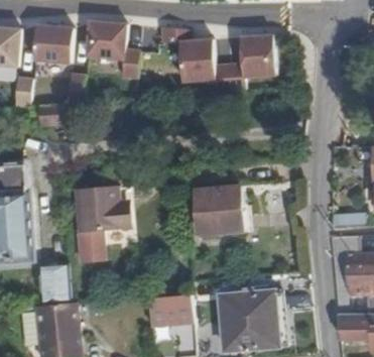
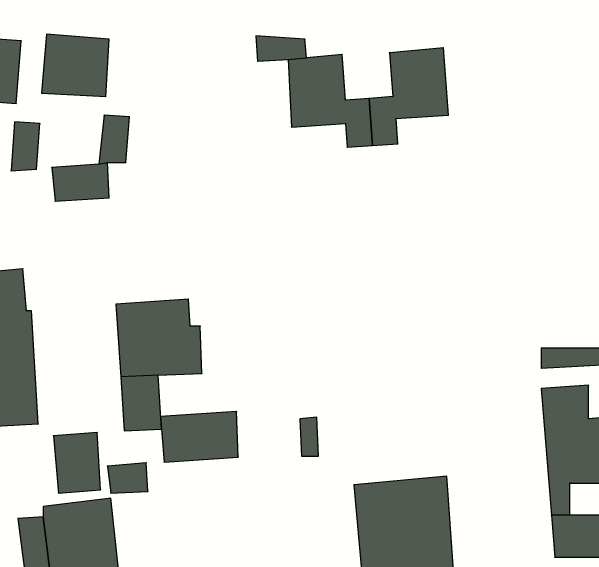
building: [86,22,138,79] -> none
building: [196,186,242,236] -> none
building: [146,295,193,326] -> [161,411,238,462]

